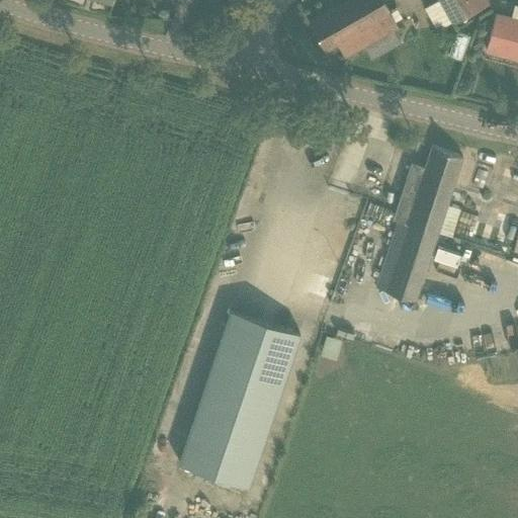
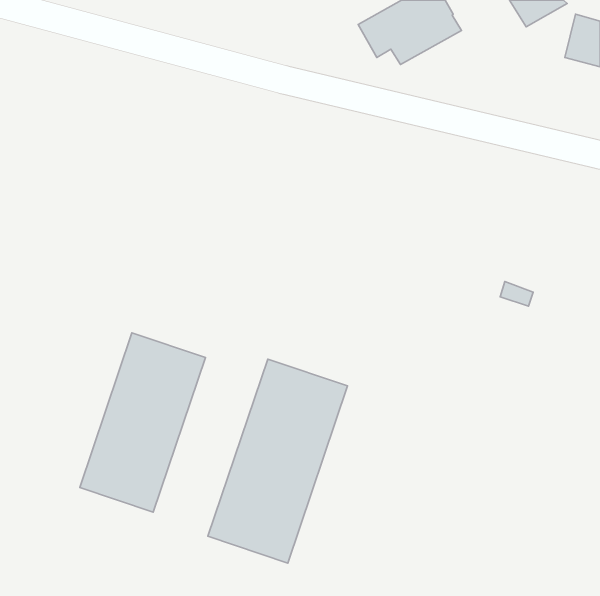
building: [377,148,462,298] -> none
building: none -> [80,333,206,512]

